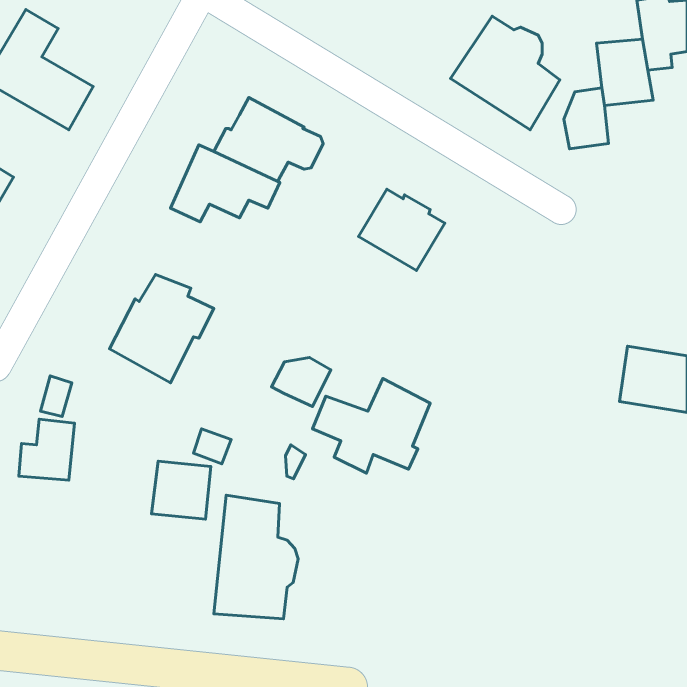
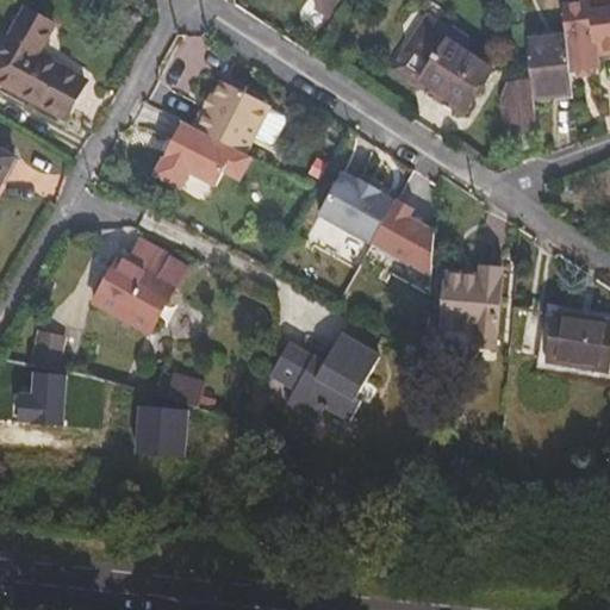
building: none -> [371,194,431,268]
building: none -> [440,257,499,343]
building: [271,358,331,406] -> none
building: [214,495,298,619] -> none

